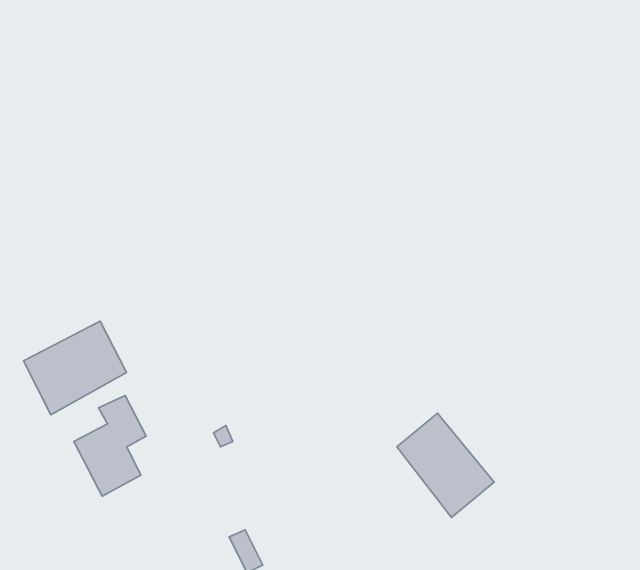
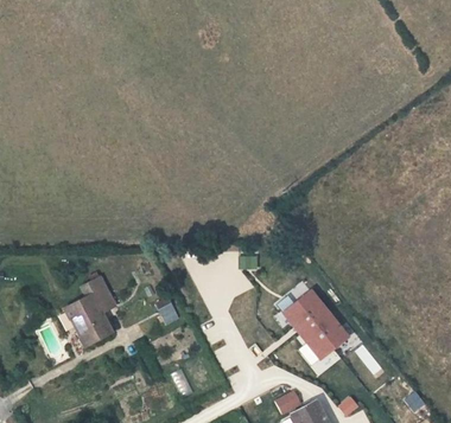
building: [23,321,127,415] -> none

